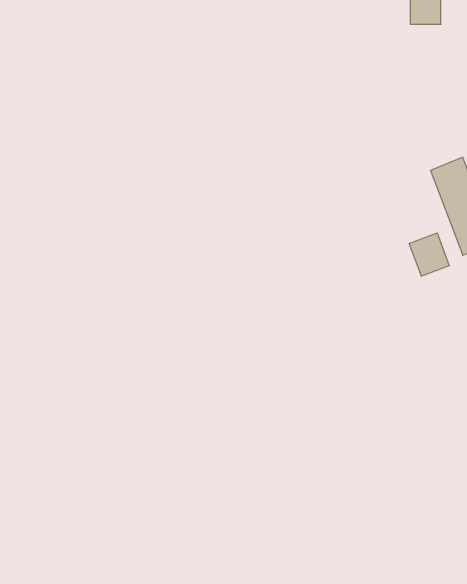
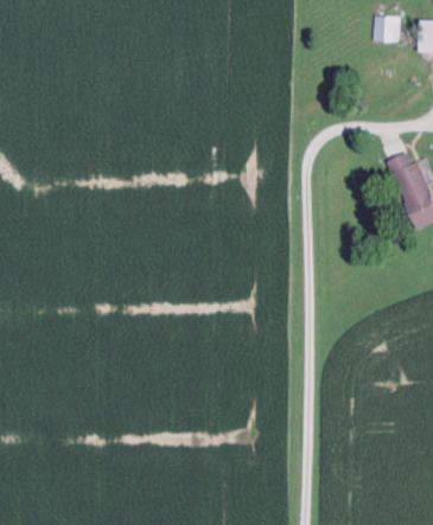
building: [409,233,449,276] -> none

